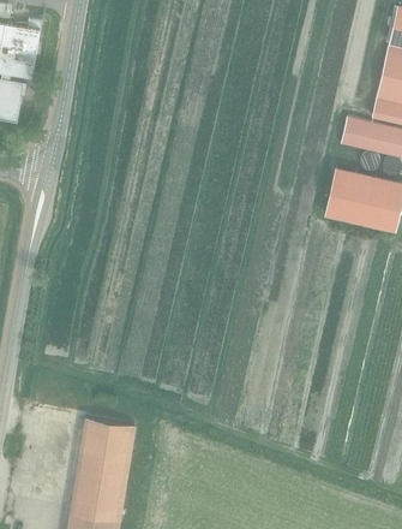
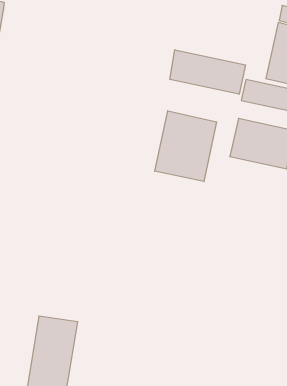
building: none -> [170,50,245,94]
building: none -> [155,111,217,182]

